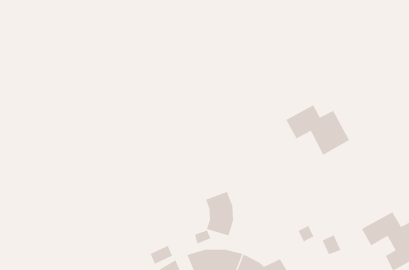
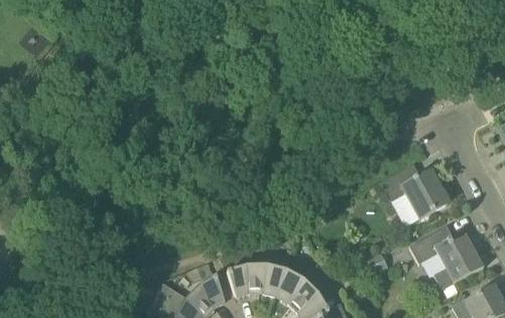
building: [286,105,350,155] -> [380,164,448,217]
building: [205,191,234,236] -> none

